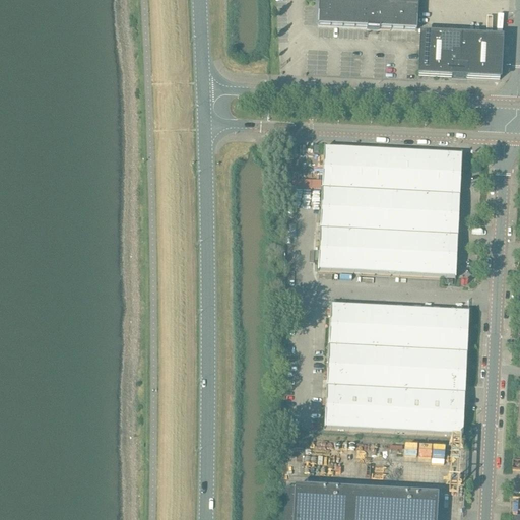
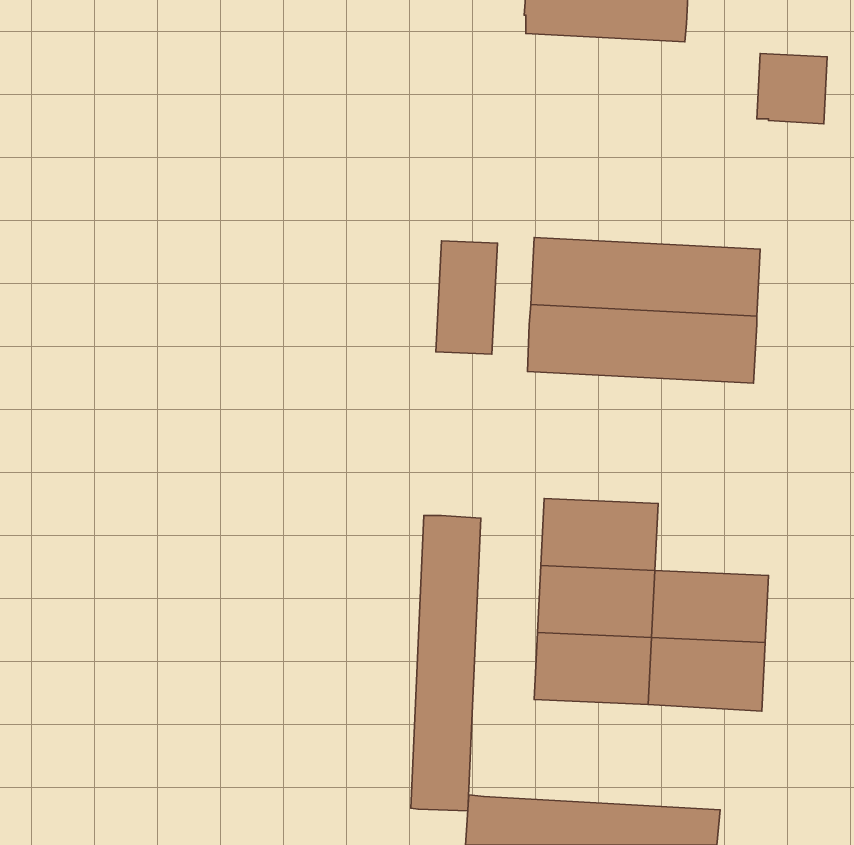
building: [419,30,462,72] -> none
building: none -> [436,241,498,354]
building: [318,225,458,274] -> none
building: [398,306,469,349] -> none
building: none -> [411,515,481,811]

